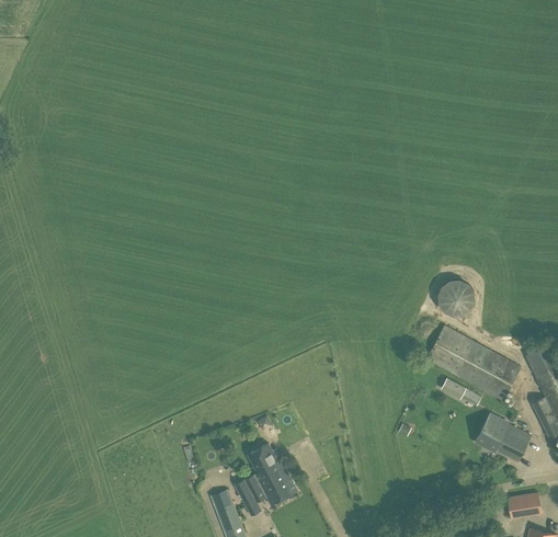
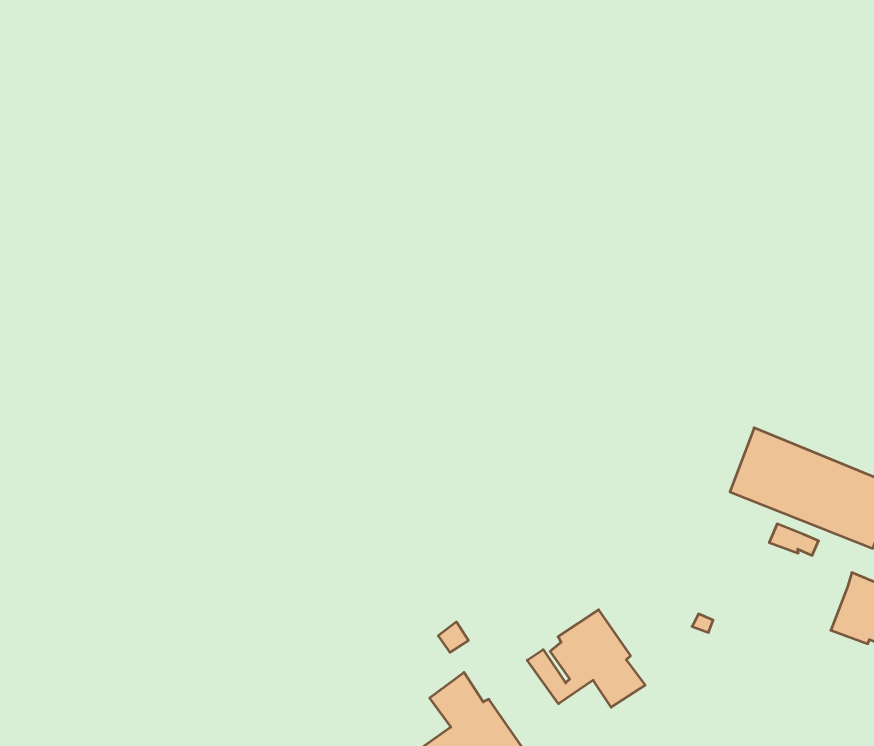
building: [437,278,476,316] -> none
building: none -> [527,610,645,707]

